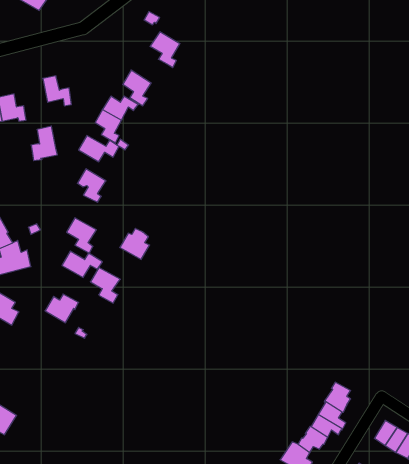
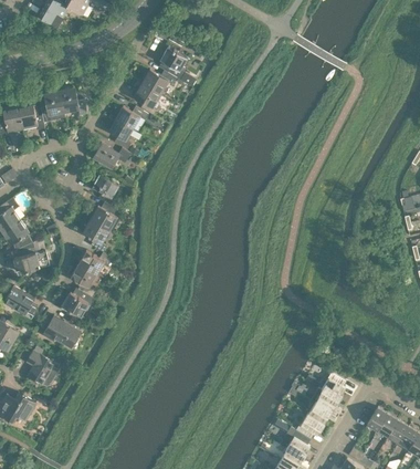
building: none -> [141,69,177,94]
building: [31,126,57,161] -> [41,90,65,122]
building: [120,228,150,259] -> [90,201,117,230]
building: [90,267,120,303] -> [70,263,97,296]
building: none -> [42,321,81,347]
building: none -> [25,350,57,386]

